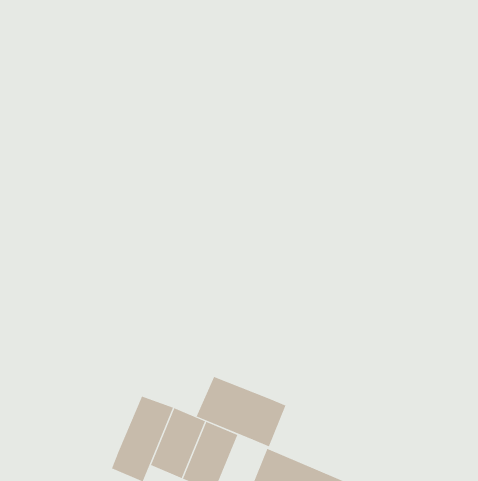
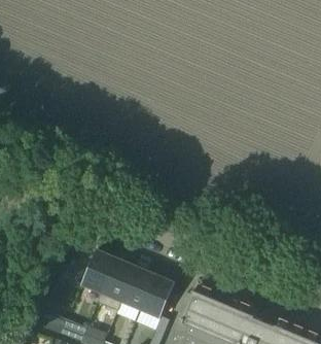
building: [196,376,286,447] -> none
building: none -> [79,249,114,293]

